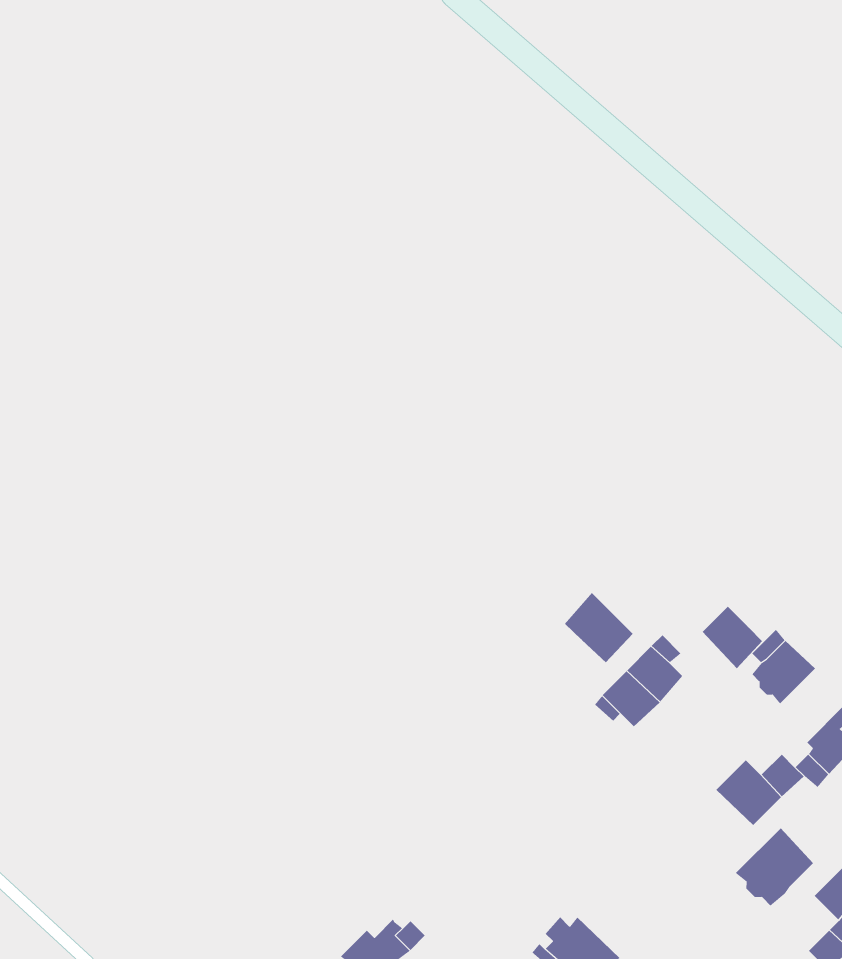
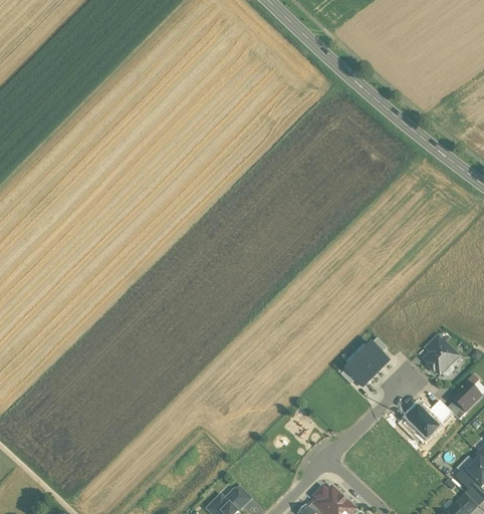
building: [564,592,634,663] -> none
building: [702,606,763,669] -> none
building: [735,828,814,906] -> none

